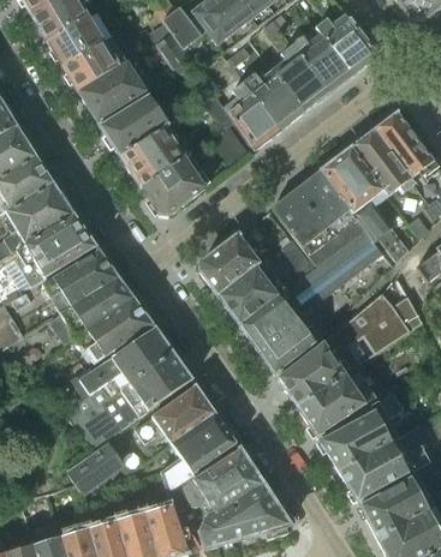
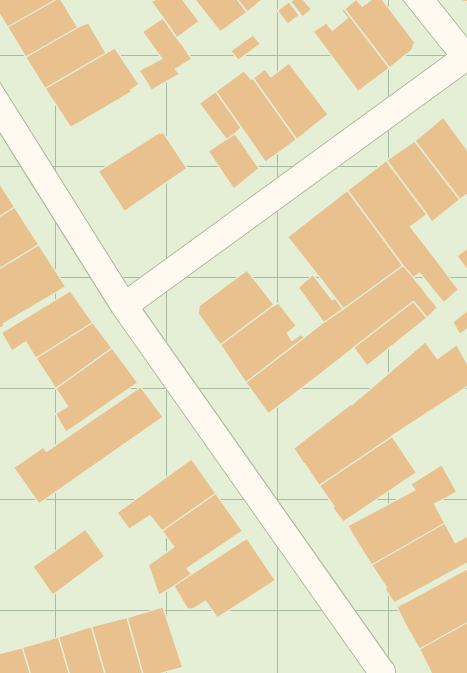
building: [274,42,329,108] -> none
building: [102,94,171,154] -> none
building: [142,151,211,214] -> none
building: [257,317,317,372] -> none
building: [73,351,192,448] -> none
building: [198,481,290,547] -> none

